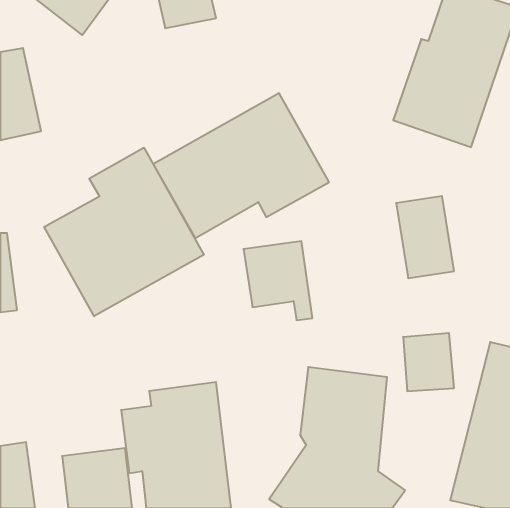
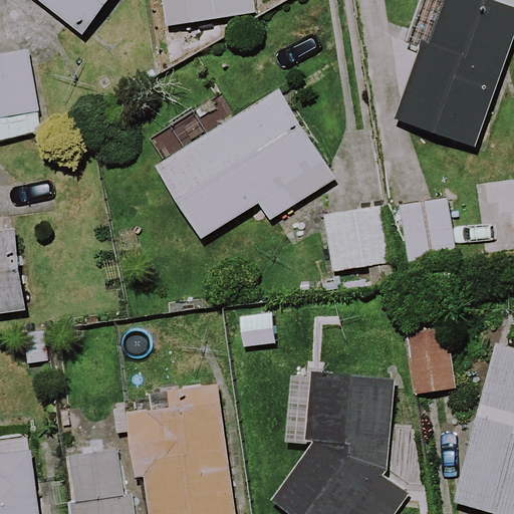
building: [44,148,204,316] -> none
building: [243,241,312,320] -> [321,206,391,285]

